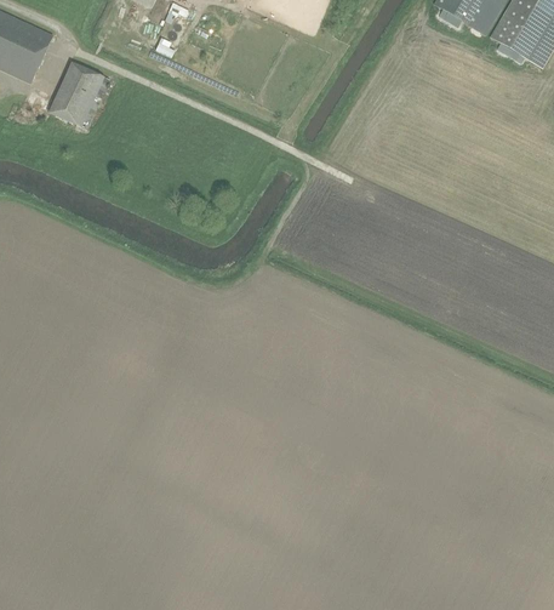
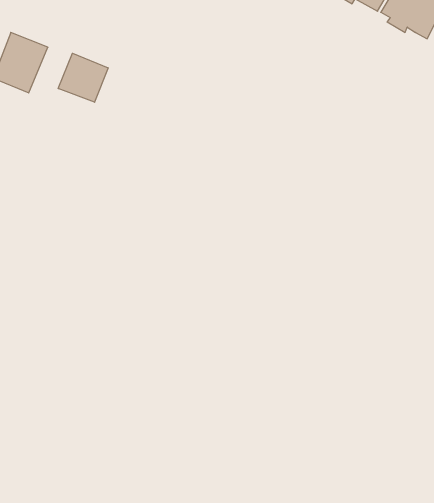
building: none -> [58,53,108,102]

